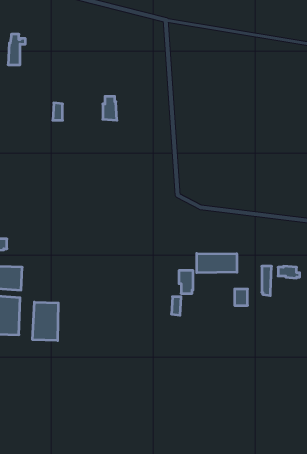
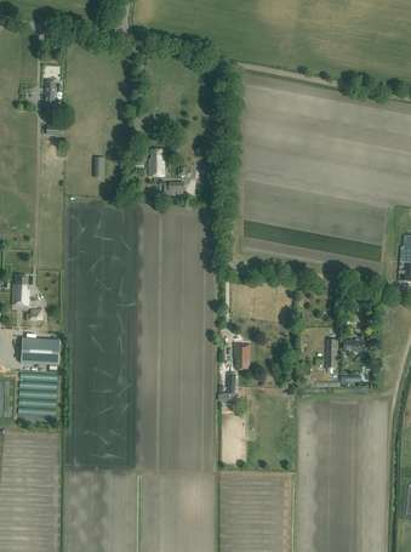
building: [197,253,237,273] -> none
building: [33,302,58,341] -> none

